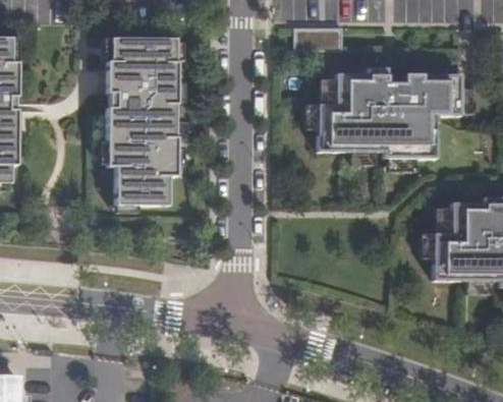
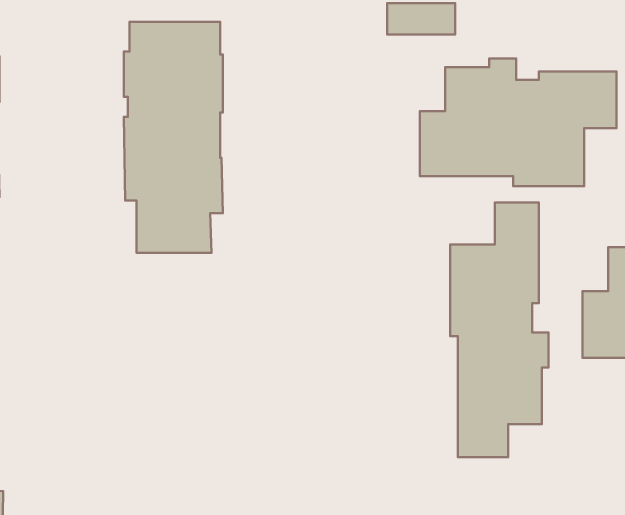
building: none -> [450,202,549,457]

